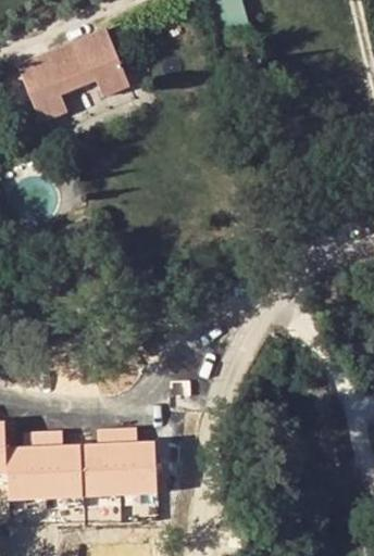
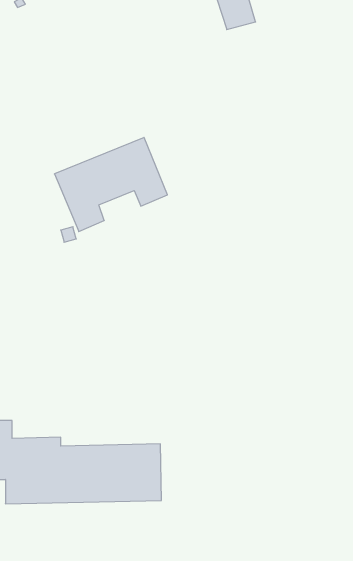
building: [17,30,128,123] -> [54,137,167,232]

